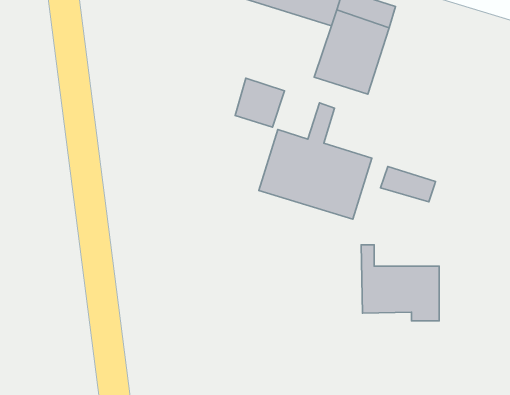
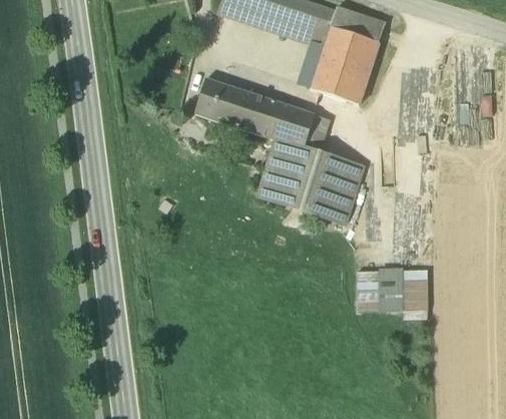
building: none -> [194,78,244,126]
building: none -> [270,103,314,148]
building: [381,166,436,202] -> none

